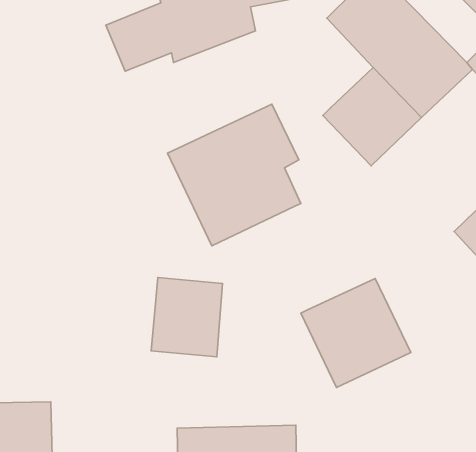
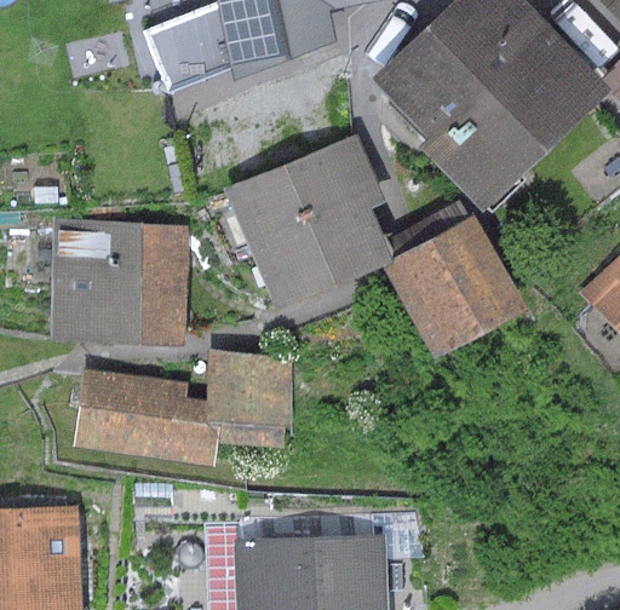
building: none -> [369,24,482,137]
building: none -> [52,221,189,345]
building: [301,278,411,387] -> [384,217,522,353]
building: none -> [78,370,217,464]

